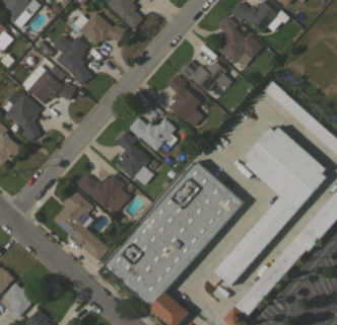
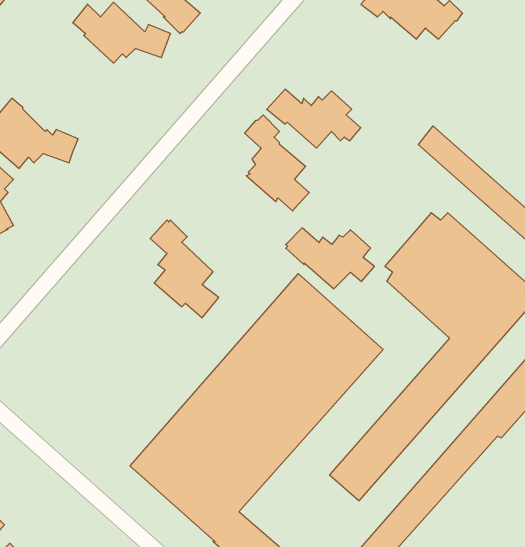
building: [217,15,262,66] -> none
building: [54,35,92,85] -> none
building: [129,117,178,151] -> [286,228,374,289]
building: [78,174,130,213] -> none
building: [53,189,109,260] -> none

